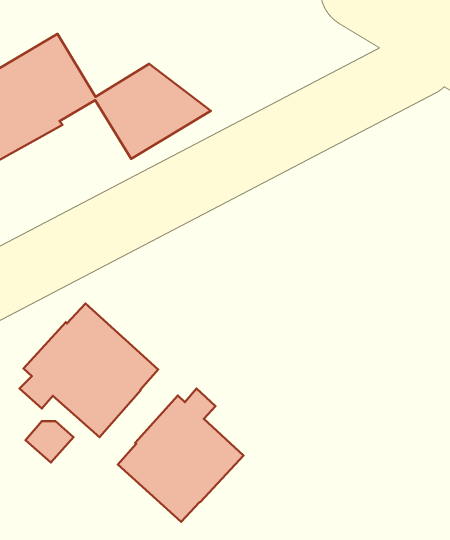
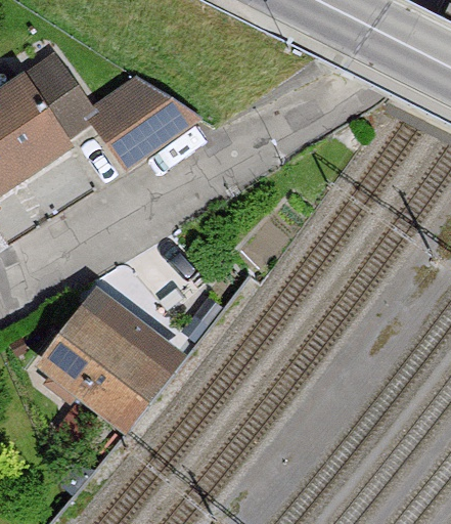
building: [118,389,243,522] -> none

